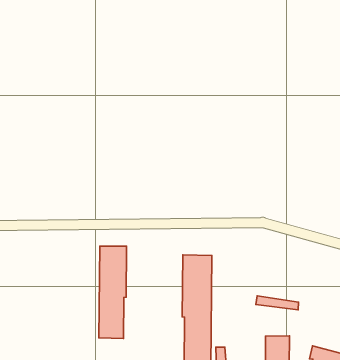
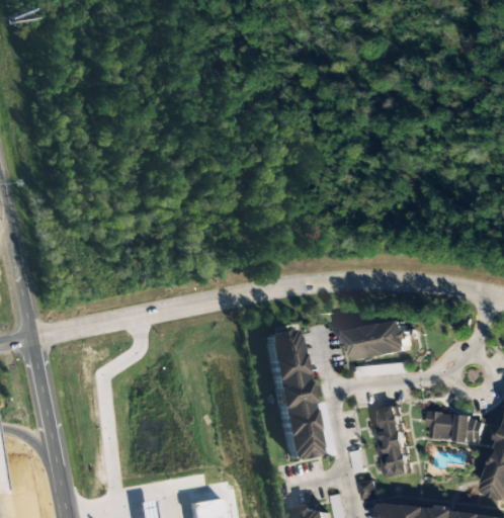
building: [99,246,127,338] -> none
building: none -> [348,322,419,361]

